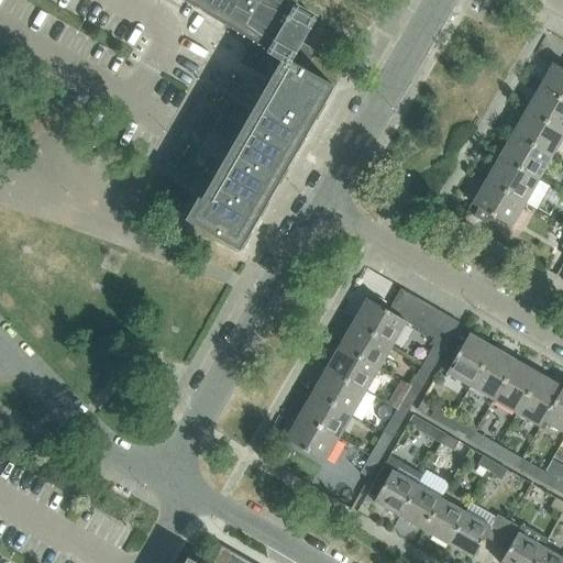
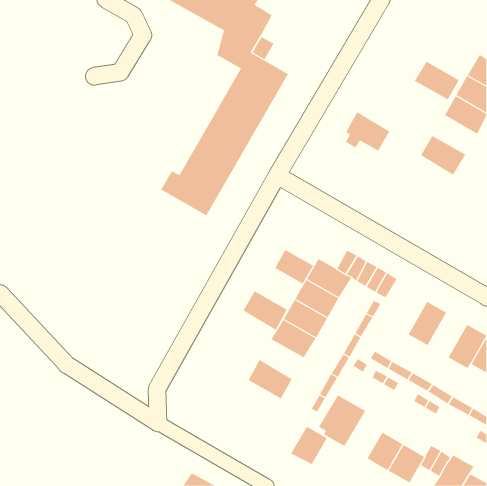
building: [498,133,551,178] -> [414,61,460,100]
building: [472,179,523,225] -> [345,111,390,152]
building: none -> [274,249,314,285]
building: [446,333,493,386] -> none
building: [494,361,539,412] -> none
building: [299,391,351,438] -> [243,291,287,331]
building: [398,484,441,529] -> [290,426,327,465]

